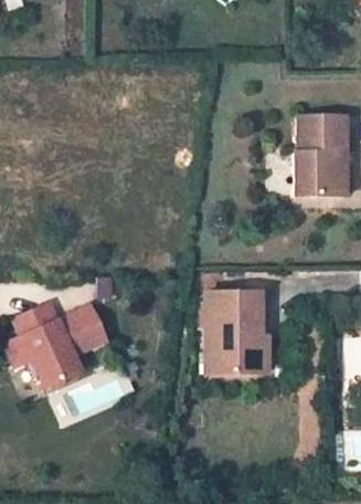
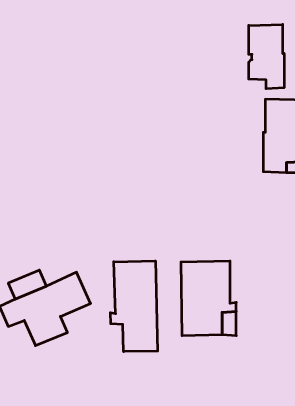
building: none -> [249,24,284,89]
building: none -> [110,261,158,352]

